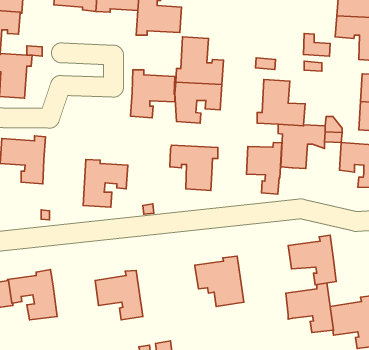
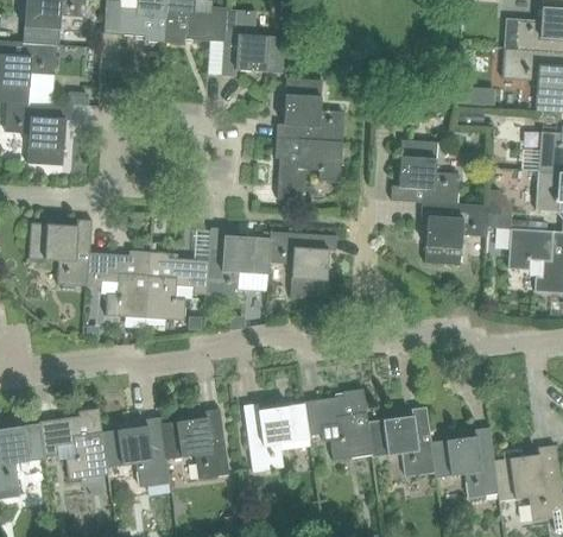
building: [130,70,175,118] -> [207,228,270,296]
building: [246,143,282,194] -> none
building: none -> [89,251,150,317]
building: [288,235,336,285] -> [368,406,436,476]
building: none -> [243,403,309,470]
building: none -> [103,417,171,487]

